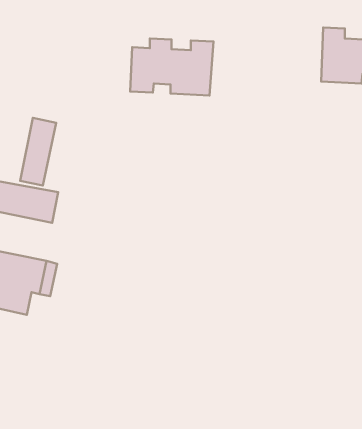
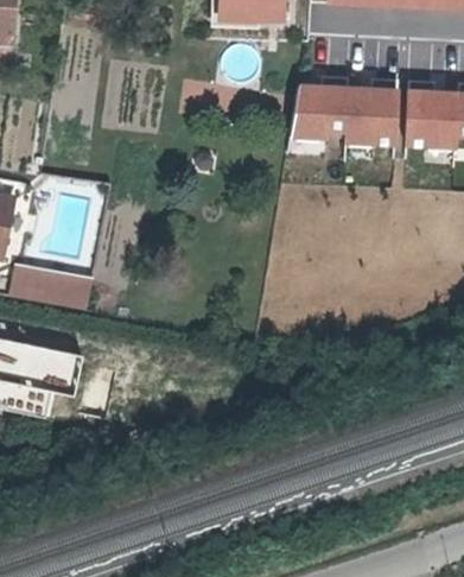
building: [130,39,214,95] -> [300,74,401,142]
building: [20,118,56,185] -> none

